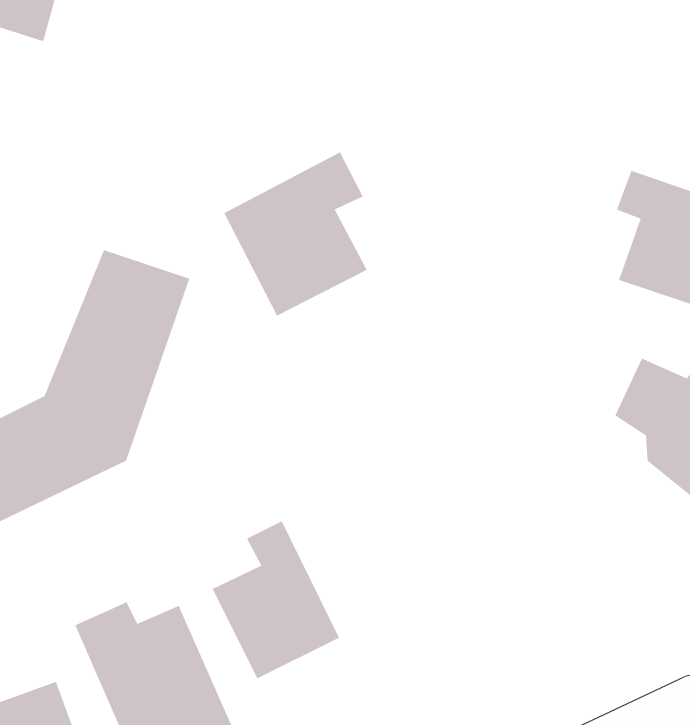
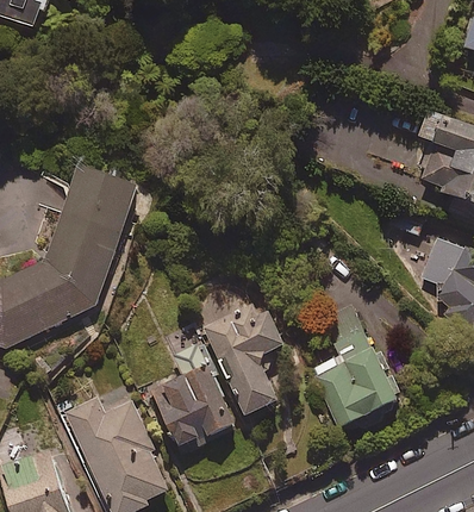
building: [223,152,367,317] -> none
building: none -> [206,304,286,413]
building: none -> [312,304,398,426]

